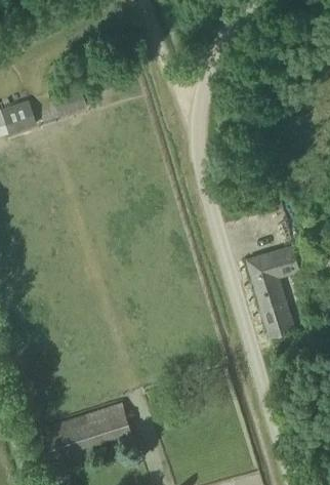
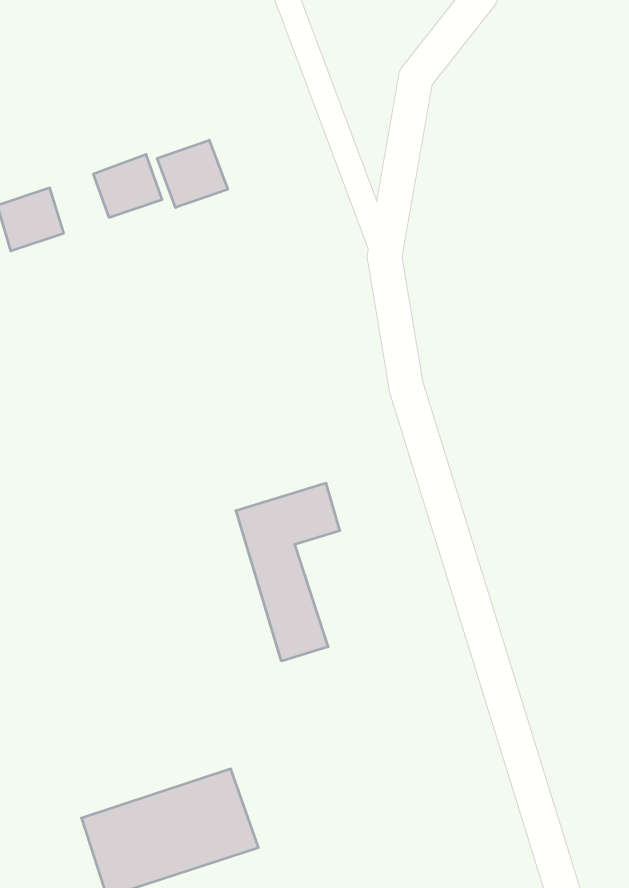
building: none -> [157,140,228,208]
building: [246,245,300,337] -> [236,483,340,660]

